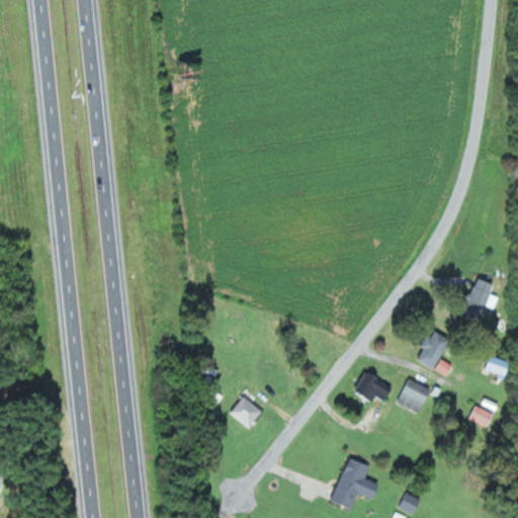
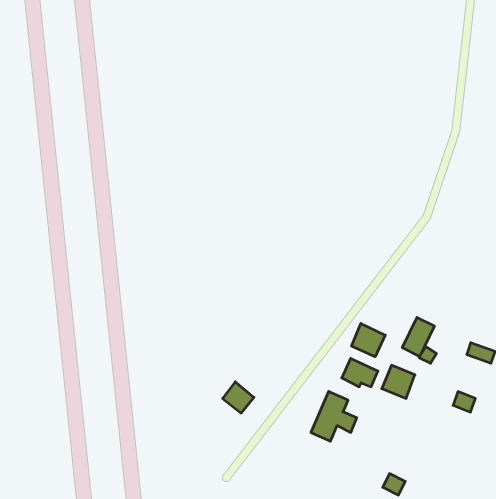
building: [462,277,493,322] -> none
building: none -> [352,323,385,357]
building: [332,456,379,508] -> [311,391,357,441]

